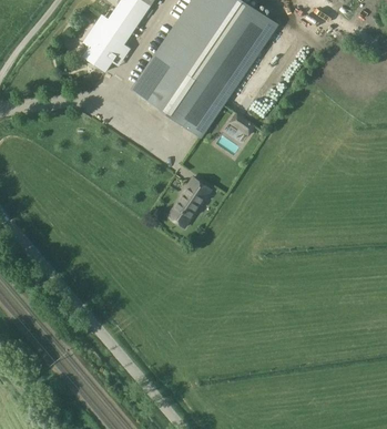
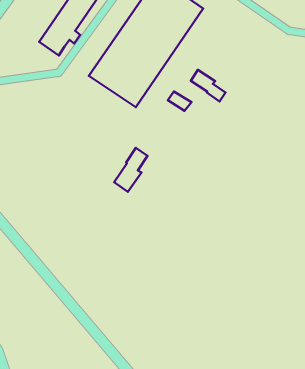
building: none -> [191,70,226,101]

